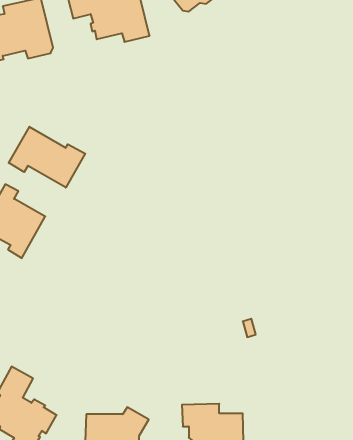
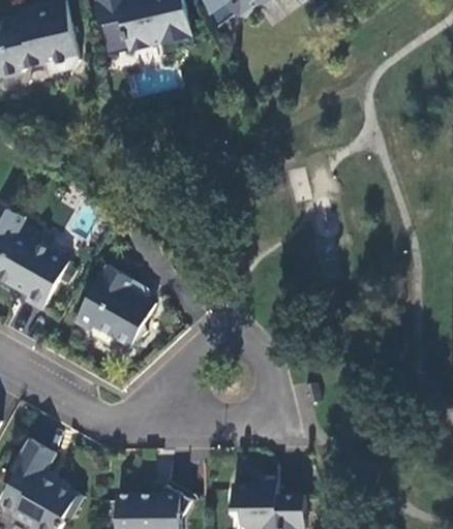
building: [9,127,85,188] -> none
building: none -> [72,263,152,345]

